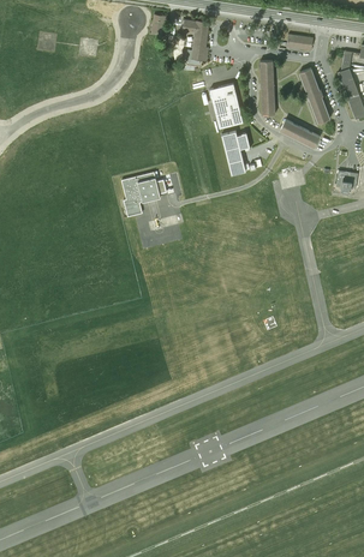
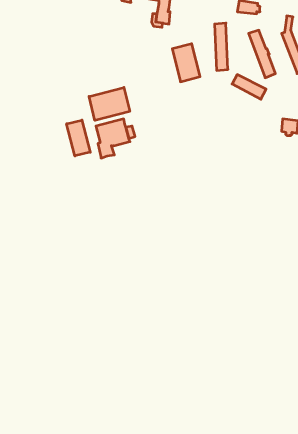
building: [221,132,251,175] -> none
building: none -> [89,87,130,120]
building: none -> [67,120,90,156]

